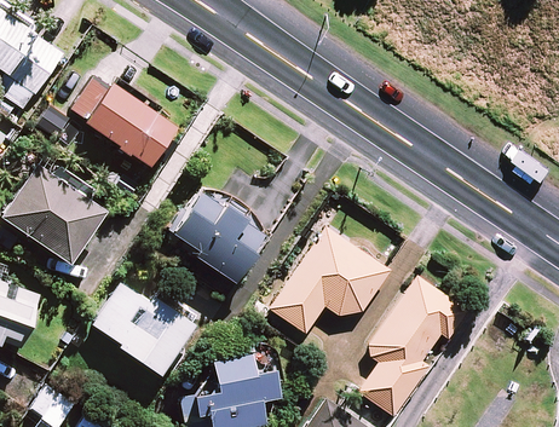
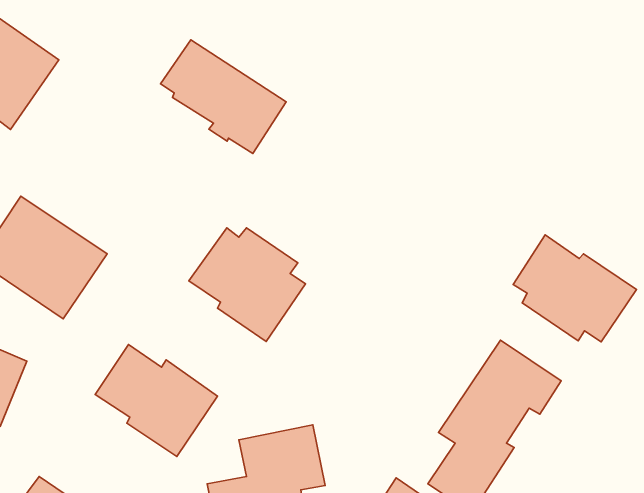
building: [73,76,173,167] -> [160,40,286,153]
building: none -> [513,235,636,342]
building: [271,227,390,334] -> none

